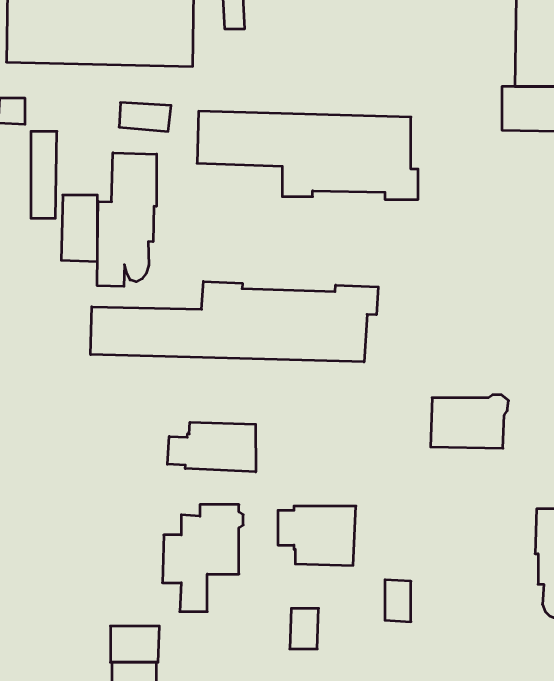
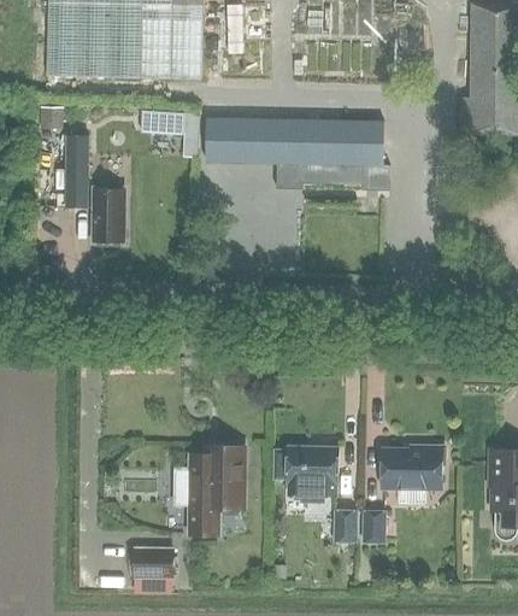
building: [97,153,157,286] -> none
building: [91,281,378,362] -> none
building: [431,395,509,448] -> [381,445,446,489]
building: [167,422,256,472] -> none
building: [290,608,319,649] -> [334,508,358,541]

